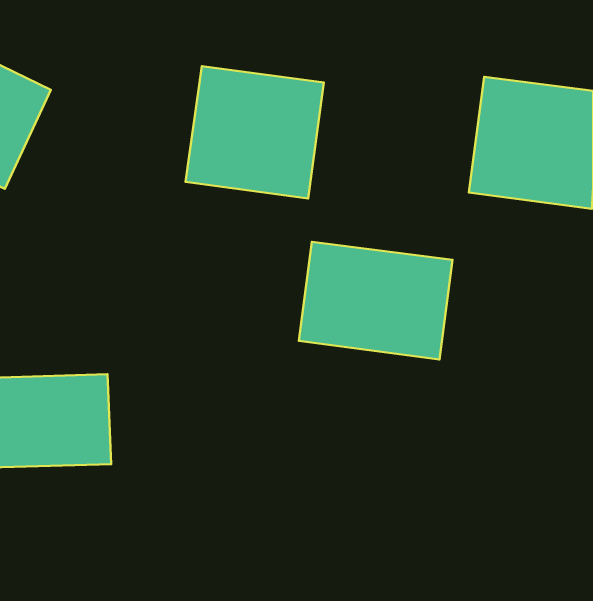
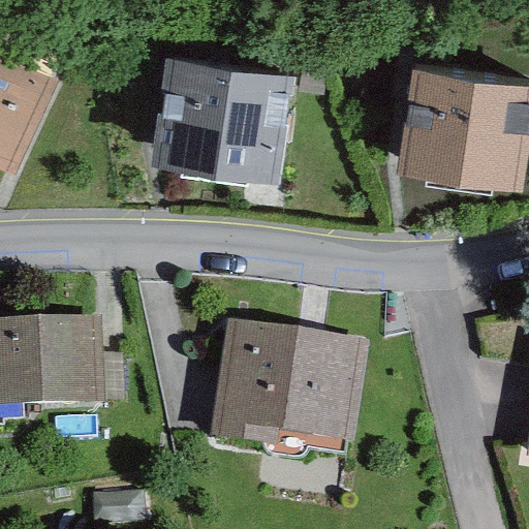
building: [299,242,453,359] -> none
building: none -> [215,334,363,450]

